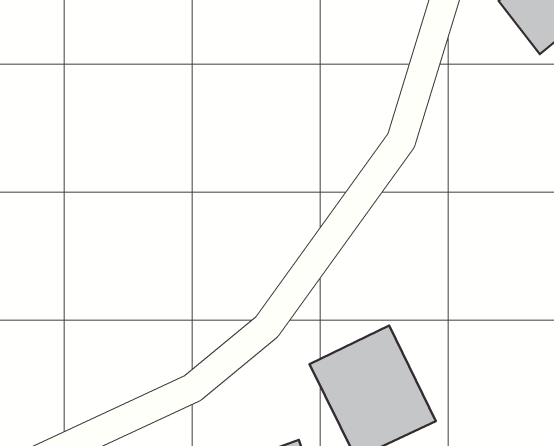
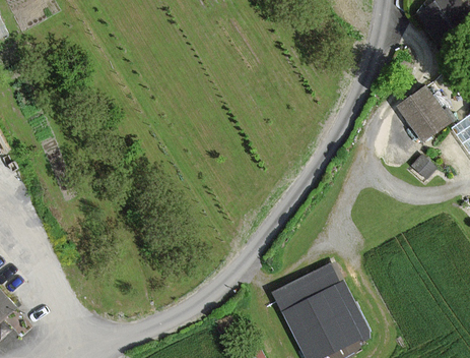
building: none -> [397,86,451,143]

